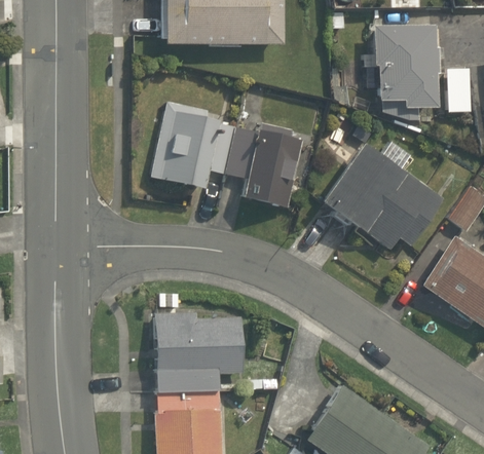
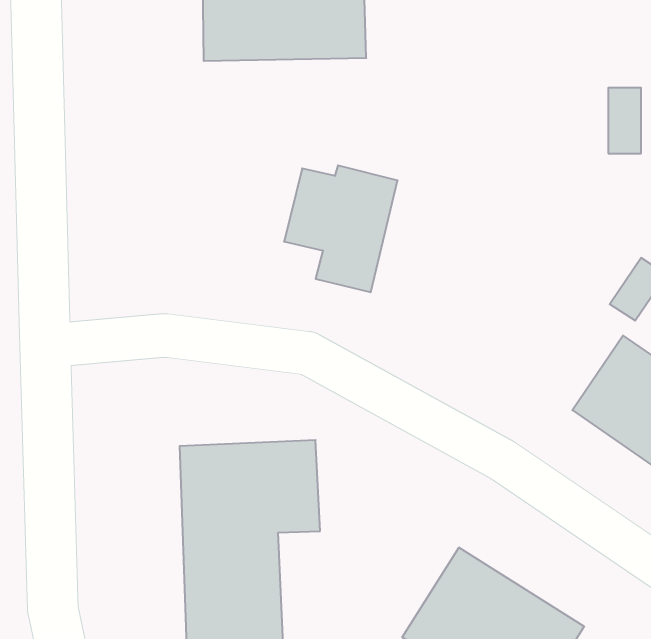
building: [375,16,444,113] -> none
building: [149,100,235,190] -> none
building: [322,144,443,253] -> none

